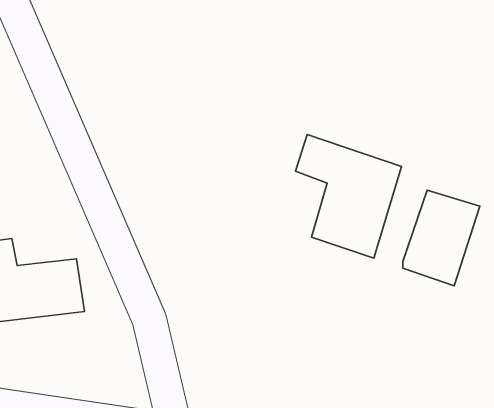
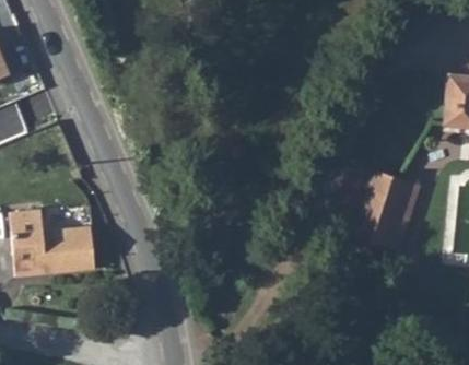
building: [295,135,402,258] -> none

